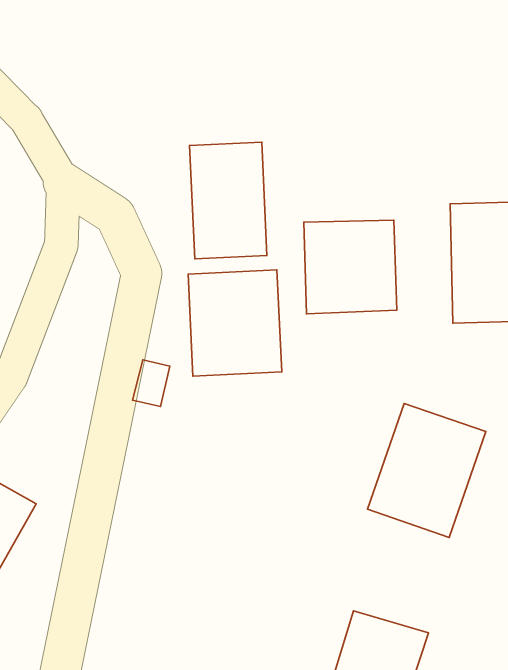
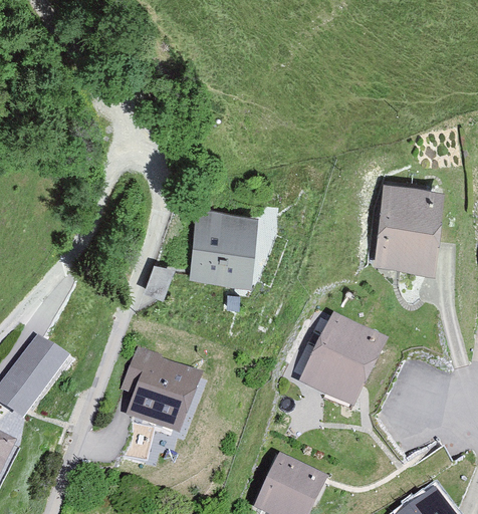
building: [190,142,267,259] -> none
building: [304,220,397,314] -> none
building: none -> [120,348,202,436]

